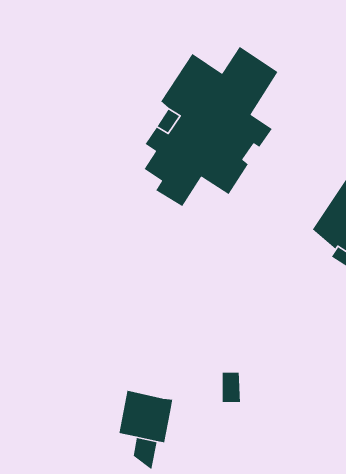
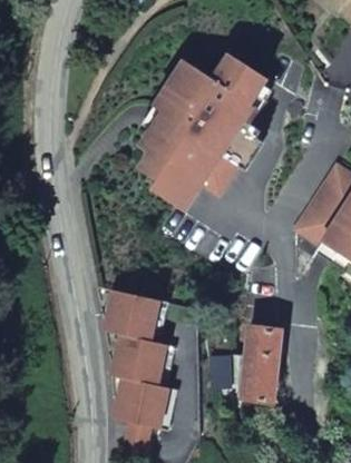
building: none -> [105,288,165,383]
building: none -> [240,326,279,401]

